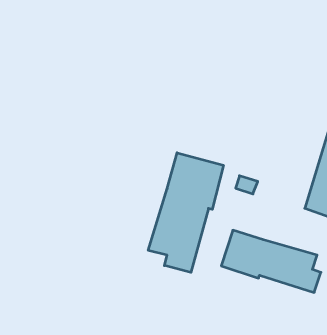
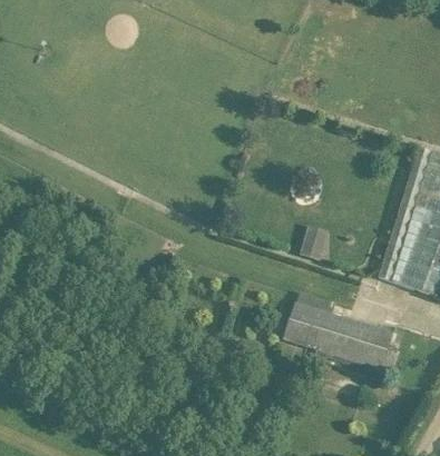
building: [148,153,223,272] -> none

